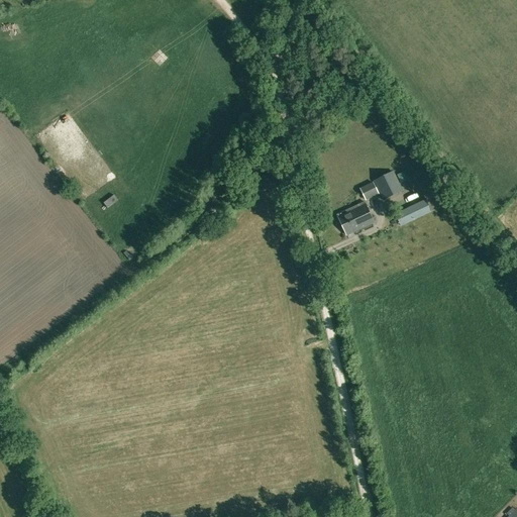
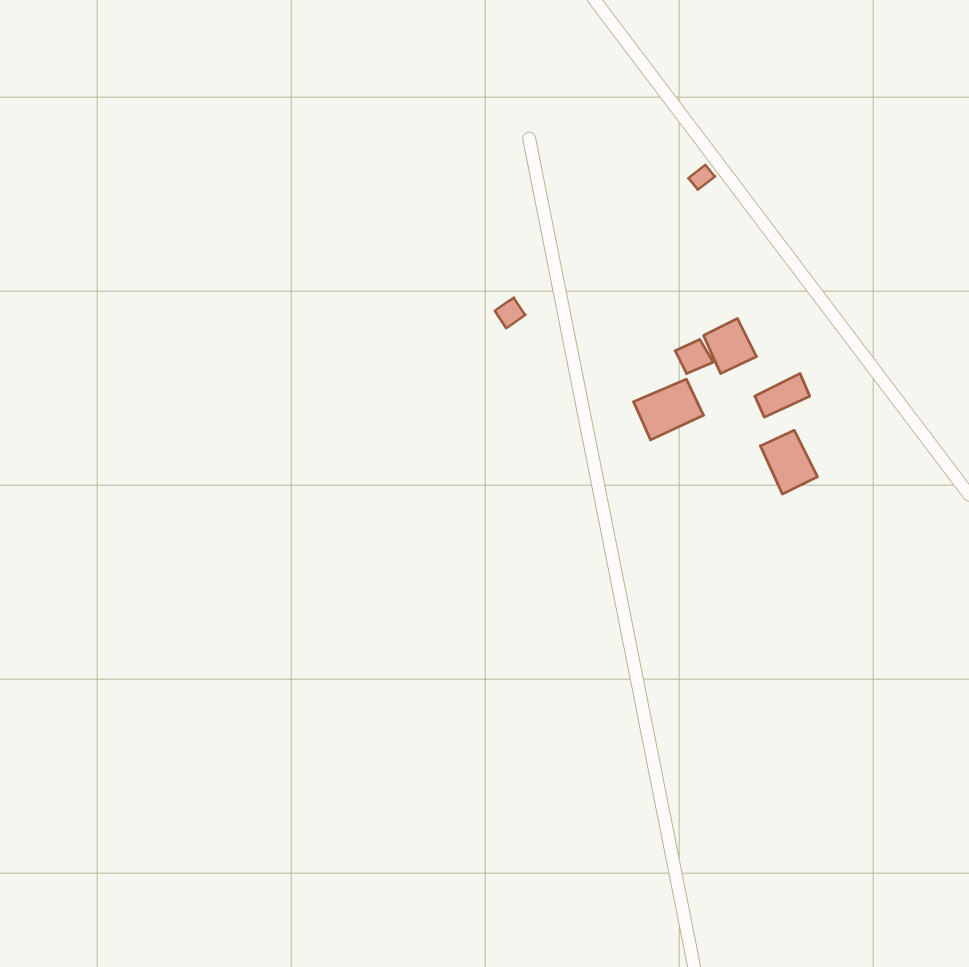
building: none -> [760,430,817,494]

